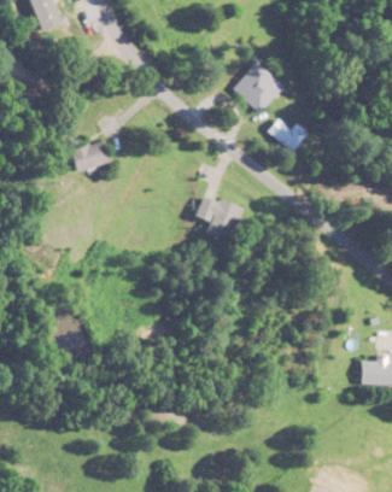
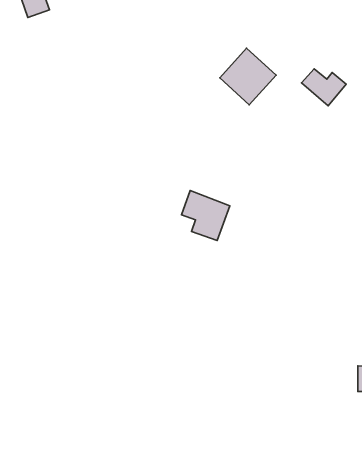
building: [265,119,308,154] -> [301,69,346,106]
building: [70,142,109,172] -> none

